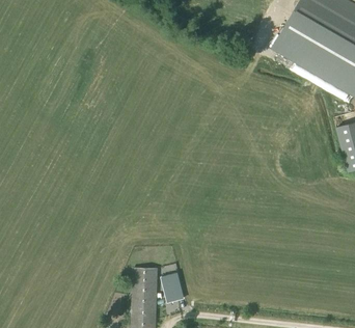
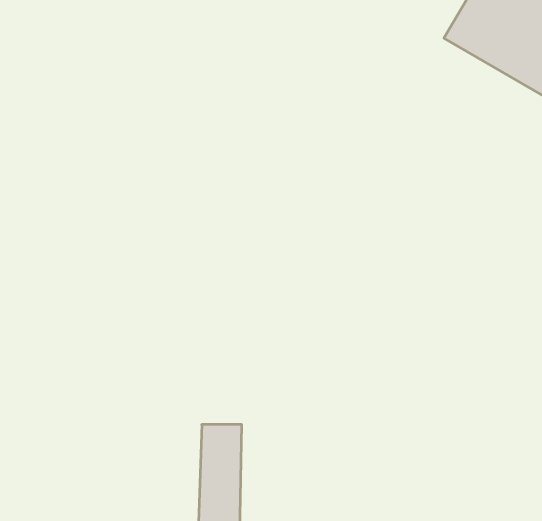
building: [161,273,184,302] -> none

